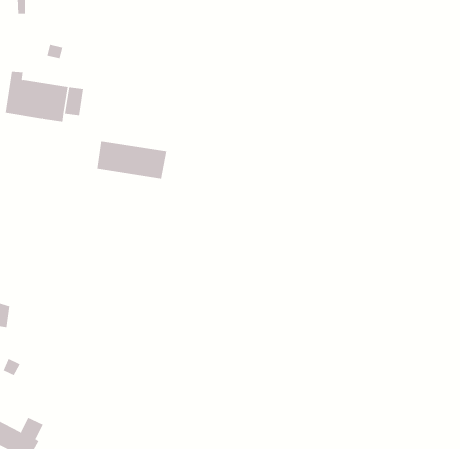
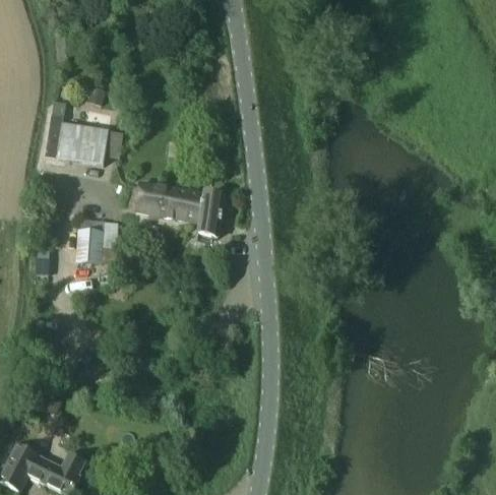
building: none -> [197,192,224,235]
building: none -> [76,219,103,261]

